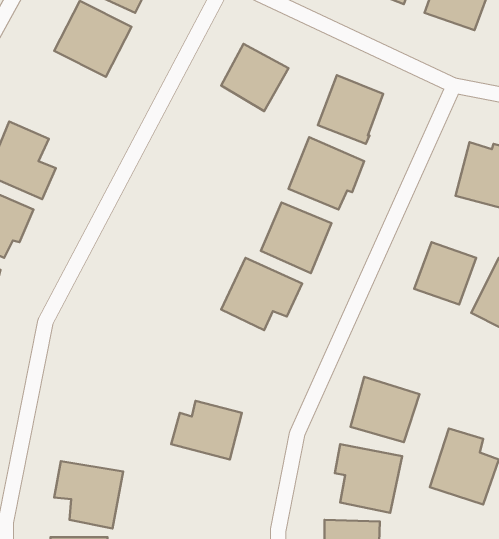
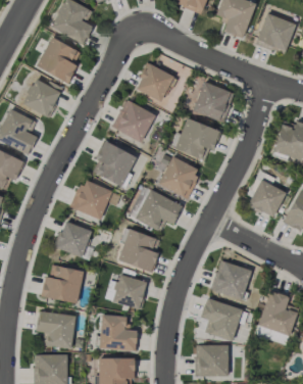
building: none -> [23,79,62,116]
building: none -> [112,99,155,142]
building: none -> [91,141,136,186]
building: none -> [71,179,112,220]
building: none -> [56,221,91,256]
building: none -> [118,229,157,271]
building: none -> [41,265,84,303]
building: none -> [99,315,137,350]

